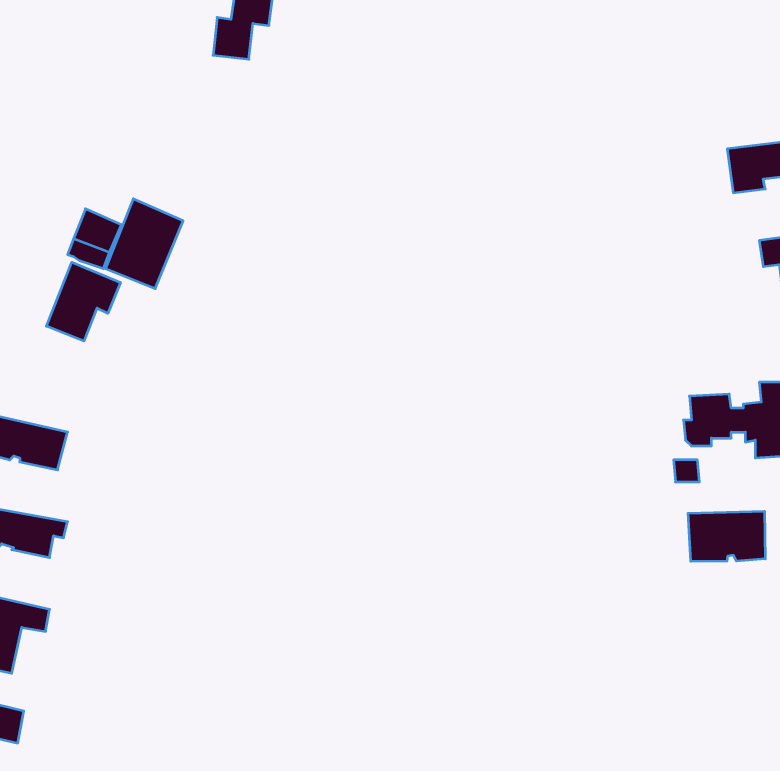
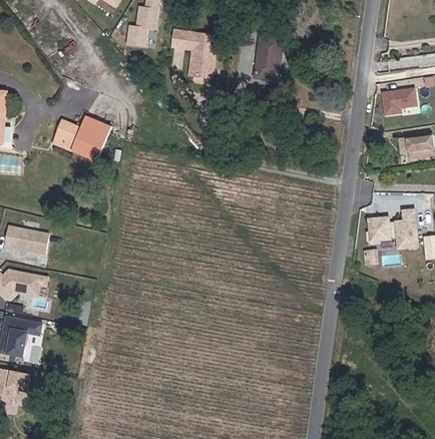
building: none -> [170,29,214,77]
building: none -> [254,36,281,81]
building: [46,262,120,341] -> none
building: [688,511,765,561] -> none

